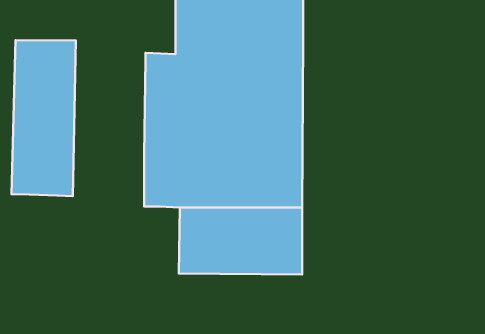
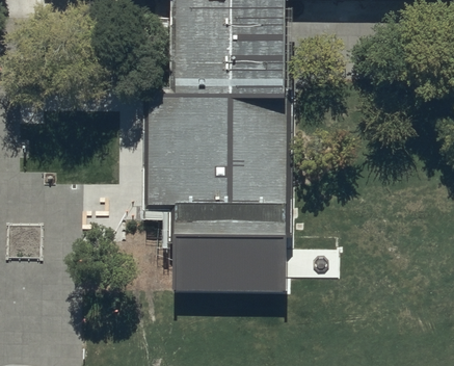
building: [11,40,76,196] -> none

